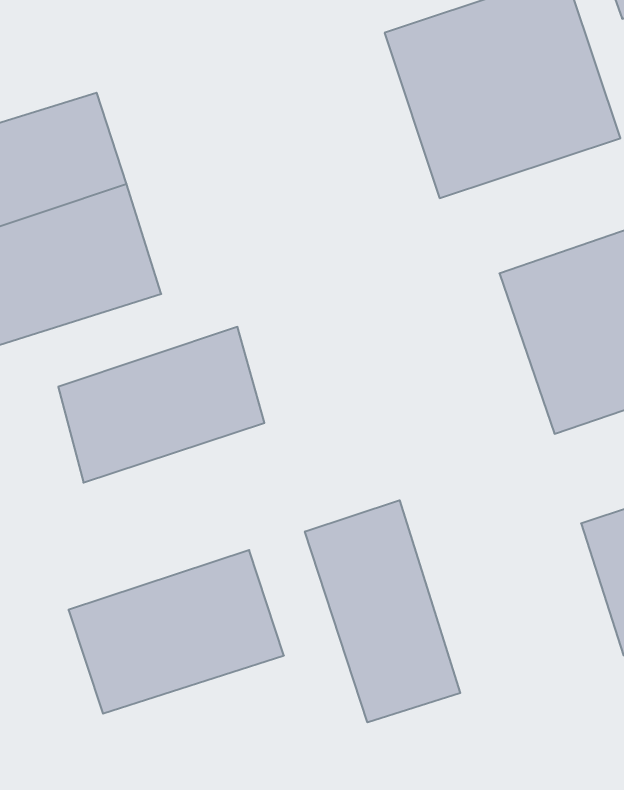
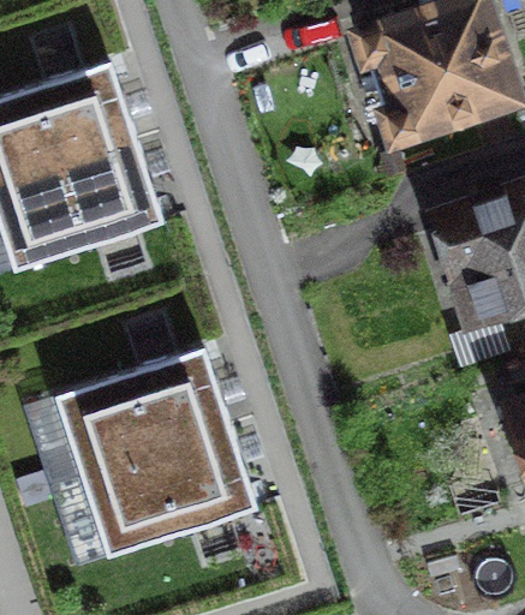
building: [58,327,264,483] -> [74,351,232,470]
building: [305,500,460,722] -> none

